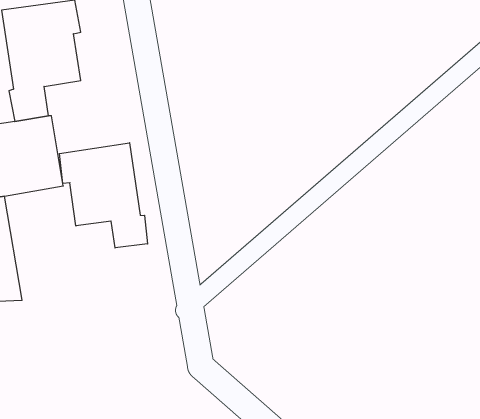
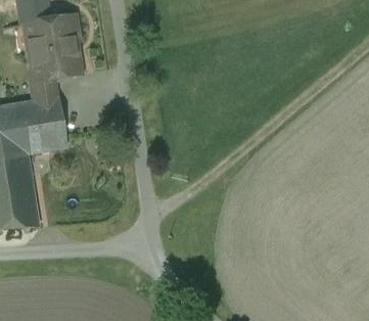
building: [59,143,148,248] -> none

